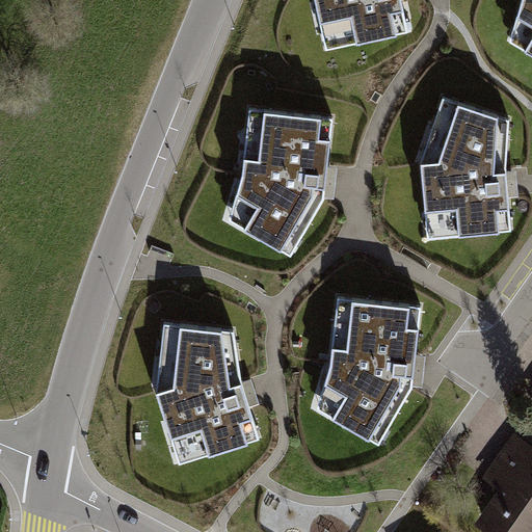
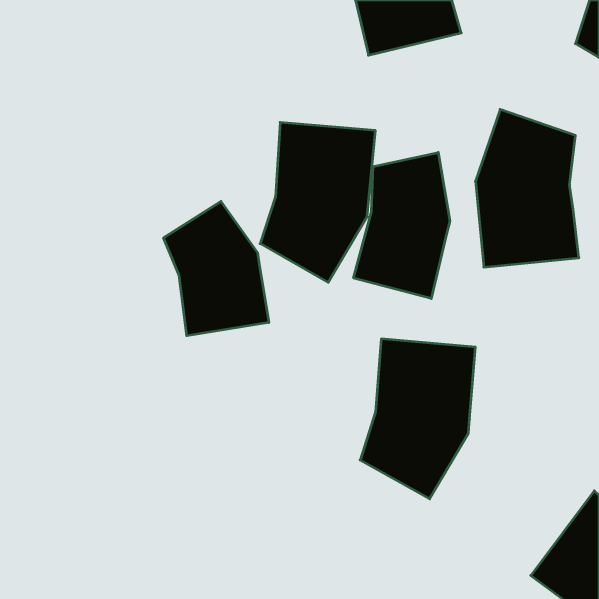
building: none -> [354,152,450,299]
building: none -> [164,201,269,336]
building: [155,323,259,462] -> none

